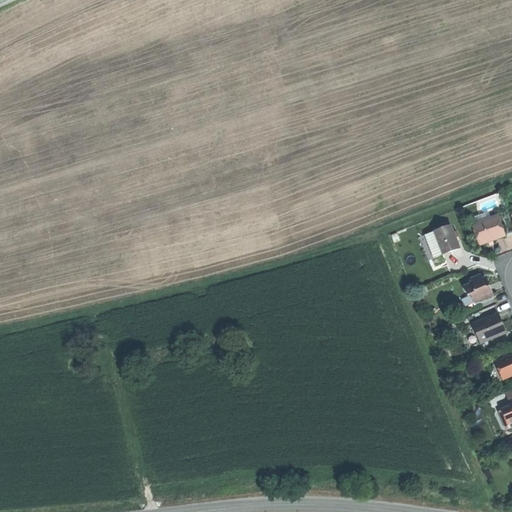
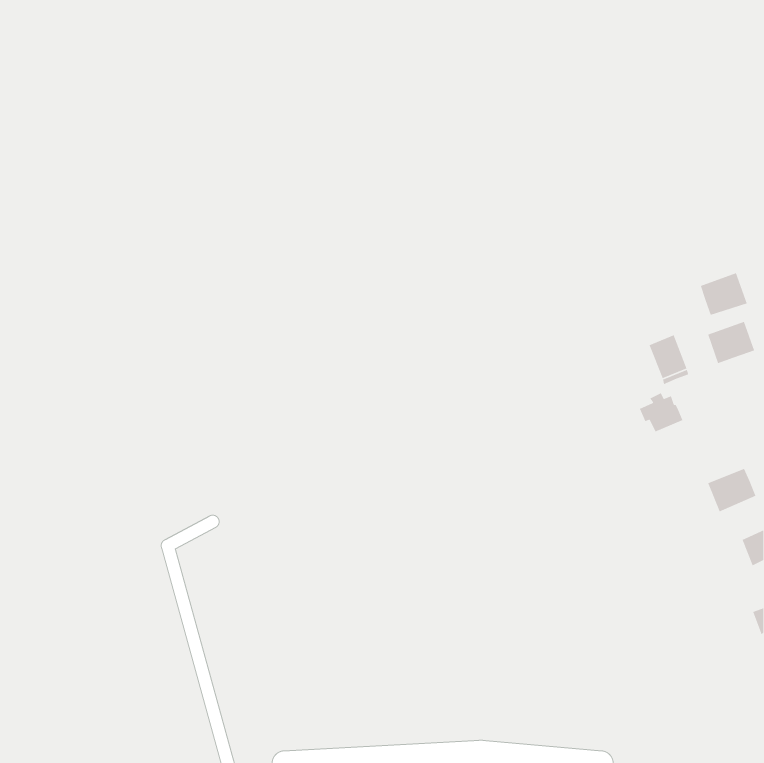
building: none -> [700,272,748,316]
building: [463,274,493,301] -> [639,392,684,433]

